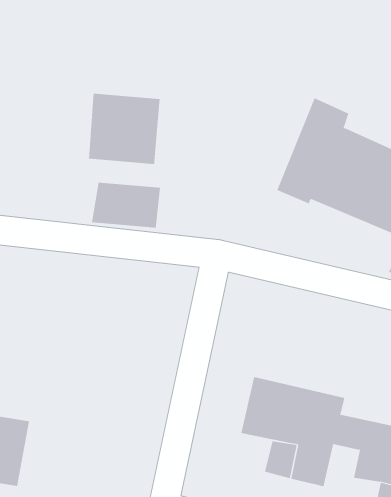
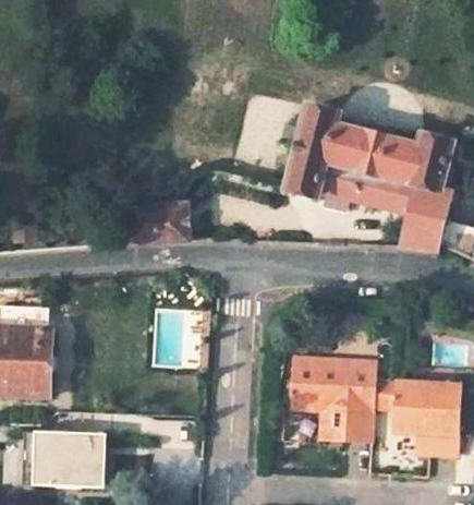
building: [88,93,160,165] -> none

